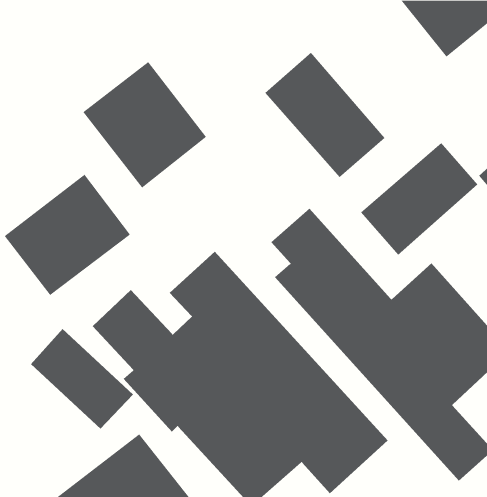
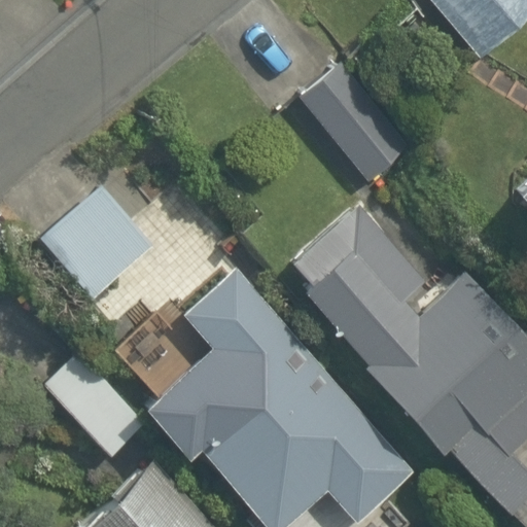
building: [82,61,207,188] -> none
building: [360,142,478,255] -> none

